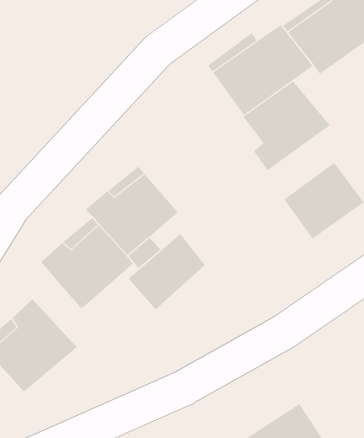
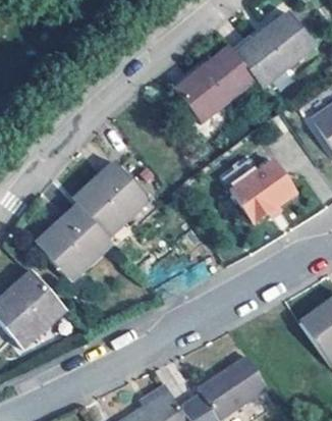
building: [243,80,331,171] -> none
building: [128,233,205,310] -> none

